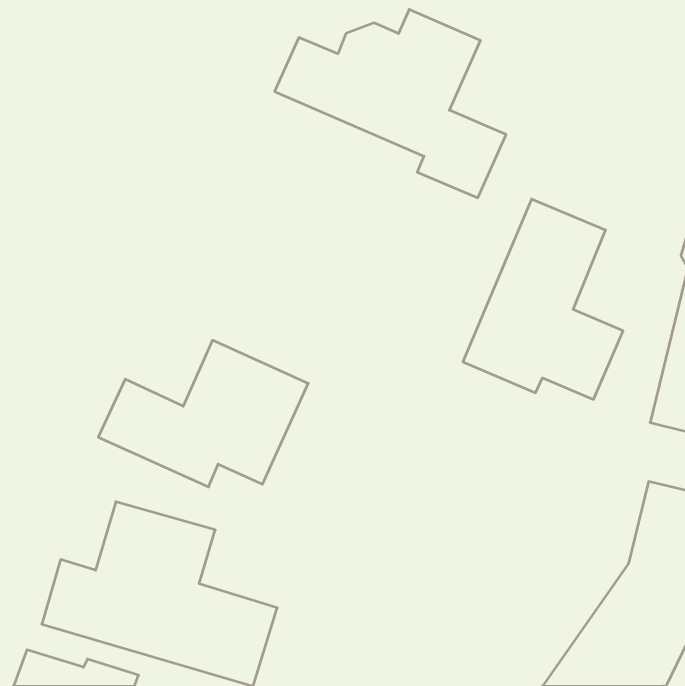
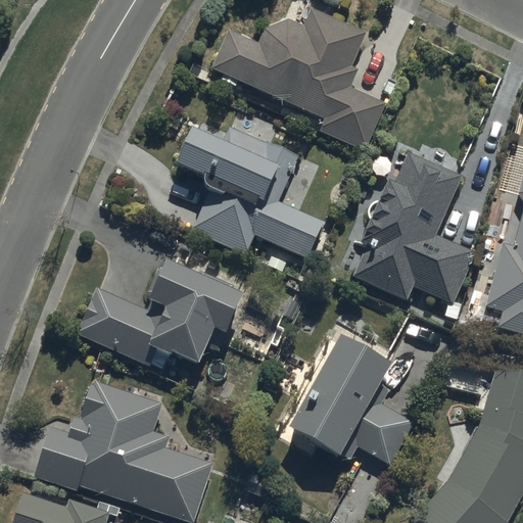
building: none -> [171,126,325,259]
building: none -> [283,333,414,466]

